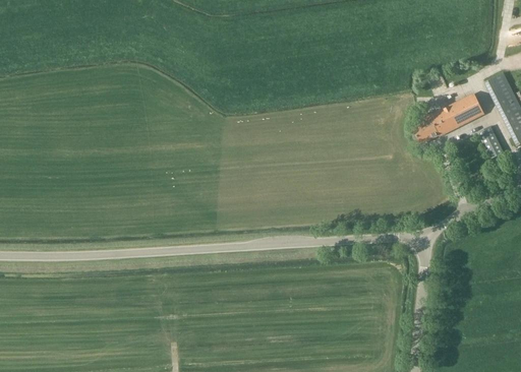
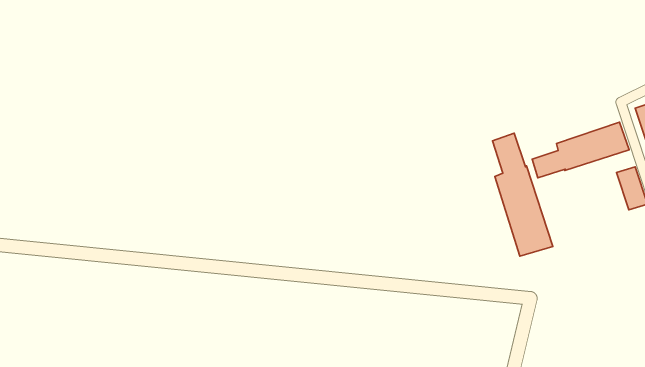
building: none -> [493,133,553,256]

